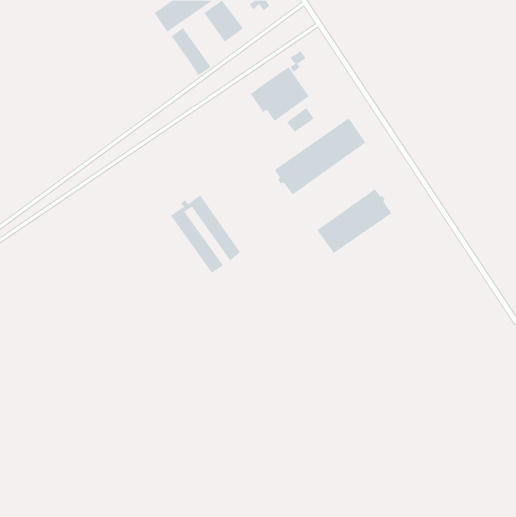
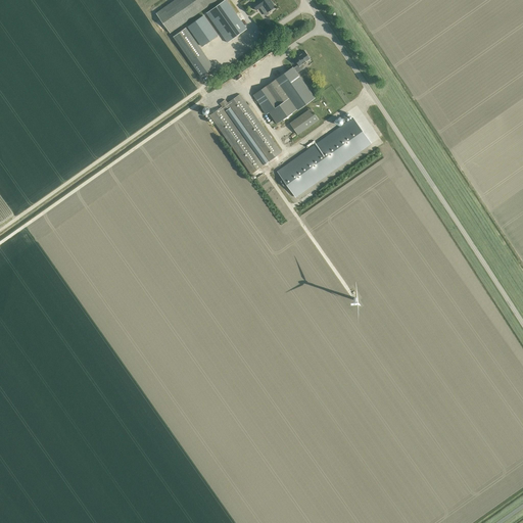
building: none -> [187,15,217,46]
building: [316,189,392,254] -> none
building: [170,194,241,273] -> [208,94,280,174]

